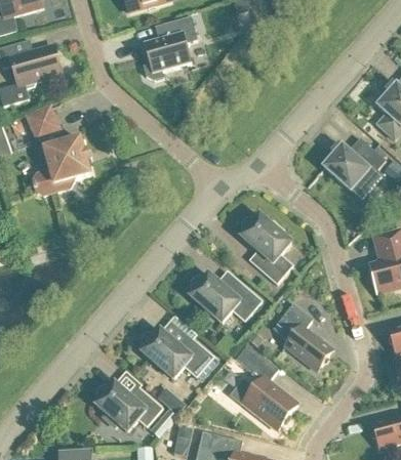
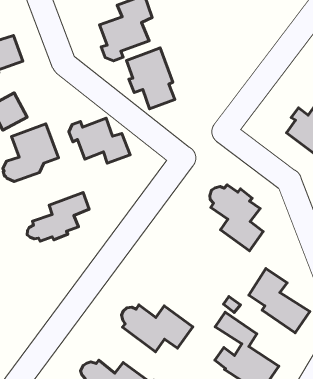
building: none -> [126,48,175,109]
building: none -> [69,118,130,163]
building: none -> [27,192,89,241]
building: [190,275,262,323] -> none

